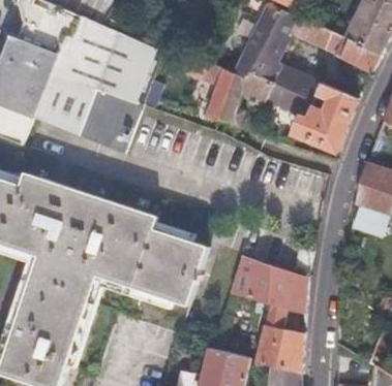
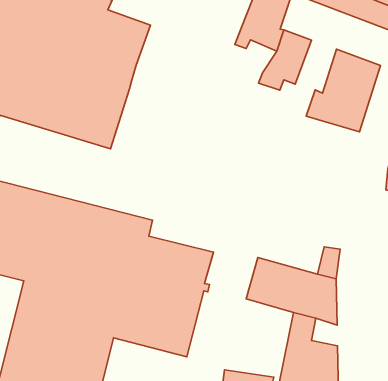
building: [194,57,271,127] -> none
building: [284,73,322,119] -> none

